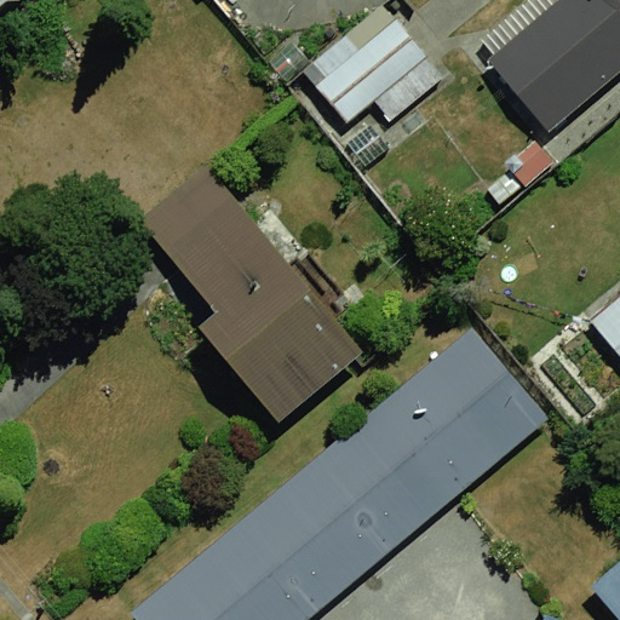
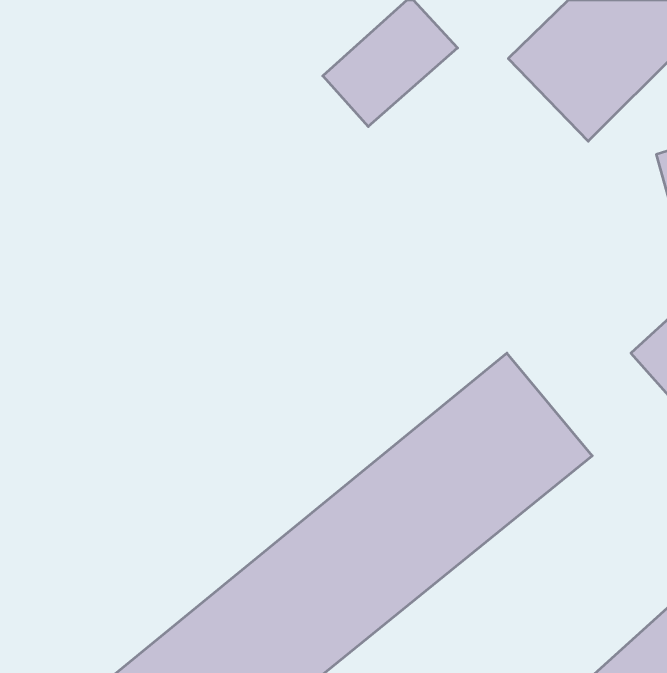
building: [145,185,374,420] -> none

